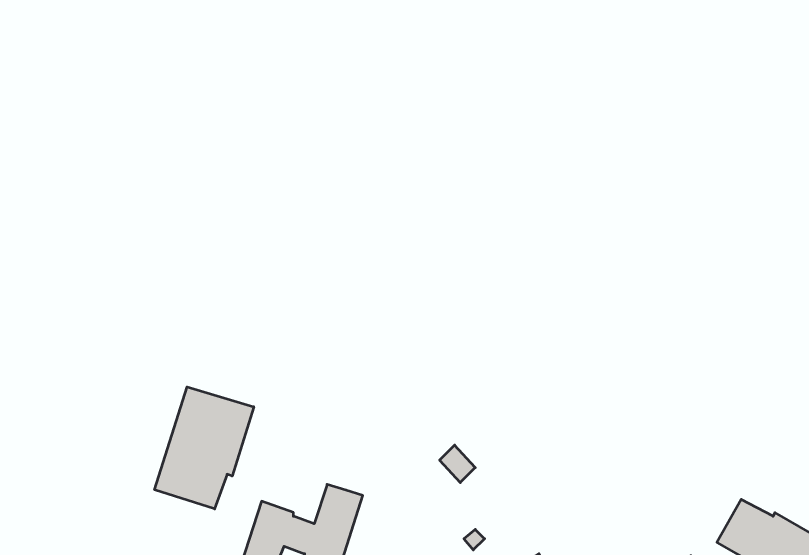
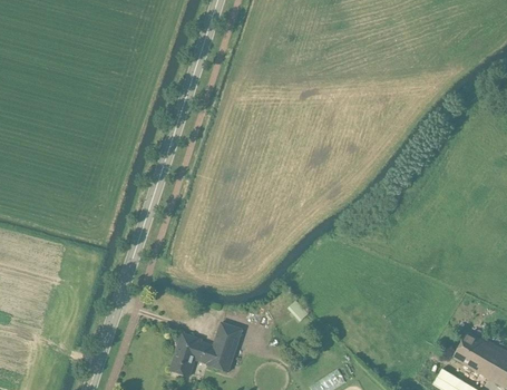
building: [155,387,254,509] -> none

